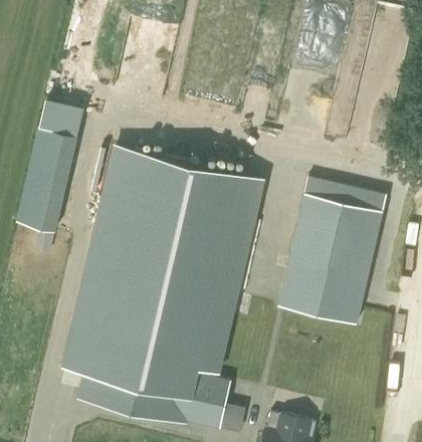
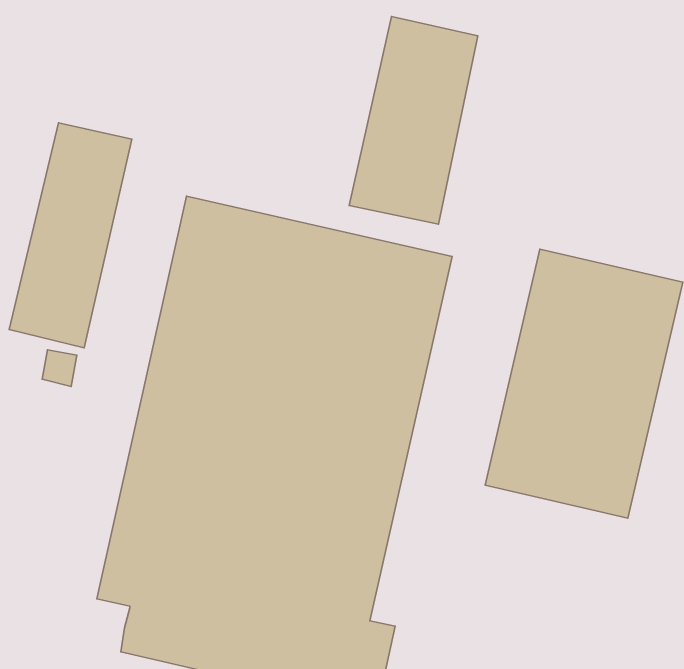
building: none -> [349,16,478,224]

